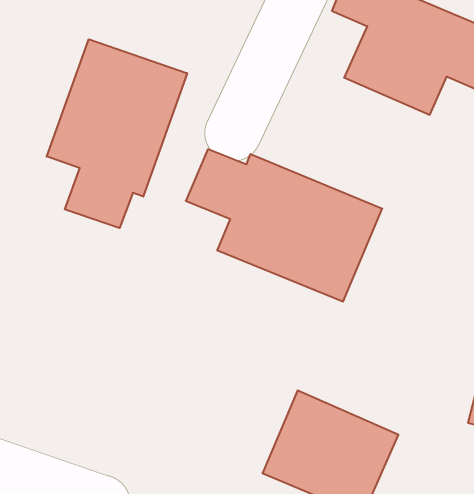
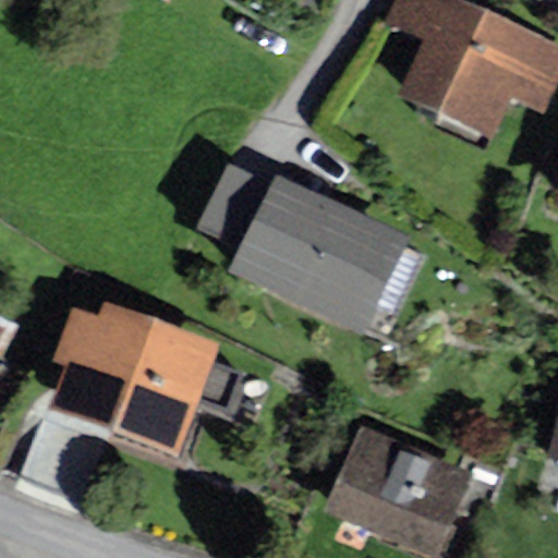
building: [47,39,187,228] -> none
building: none -> [52,301,223,454]

